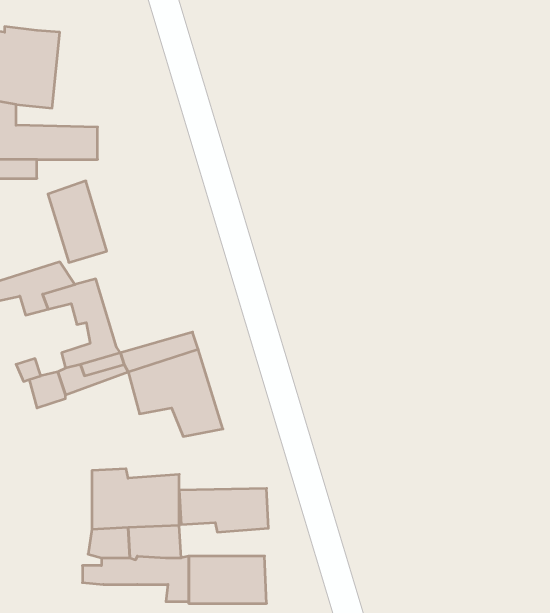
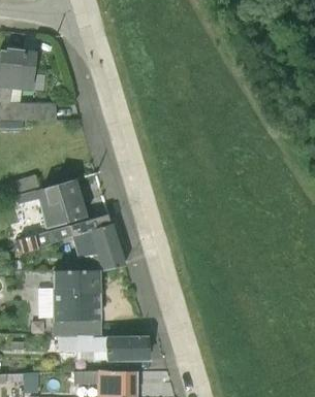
building: [48,181,107,262] -> [56,177,88,222]
building: [179,488,268,532] -> [53,269,101,293]

